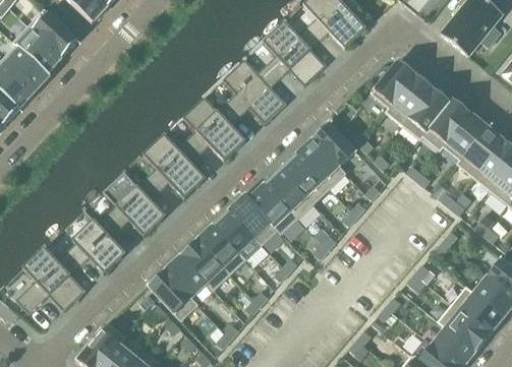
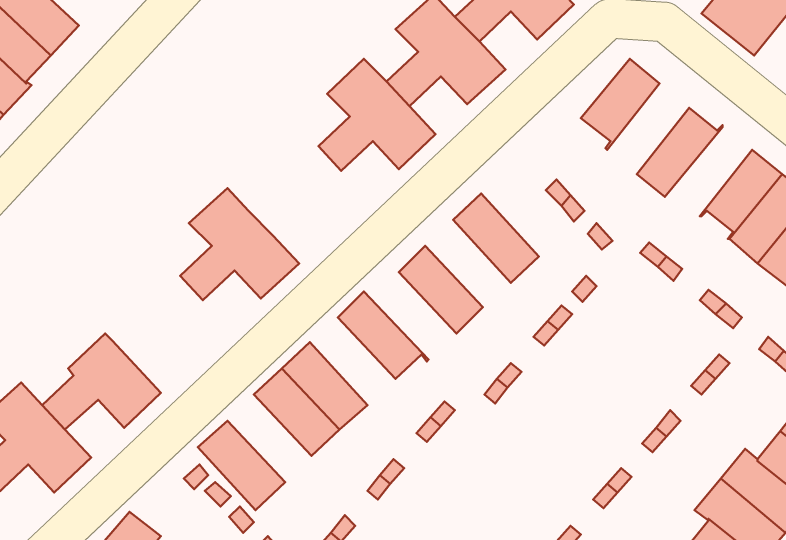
building: [386,73,434,126] -> none
building: [177,97,246,162] -> none
building: [419,99,470,150] -> none
building: [312,122,356,174] -> none
building: [280,152,330,203] -> none
building: [98,172,166,237] -> none
building: [244,183,298,234] -> none
building: [213,209,263,260] -> none
building: [165,254,214,305] -> none

